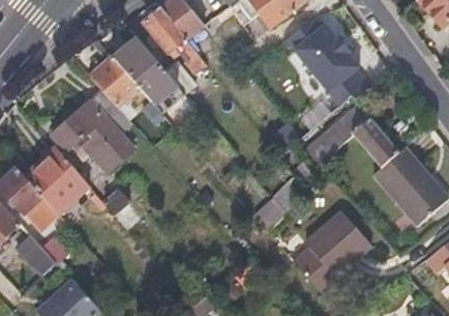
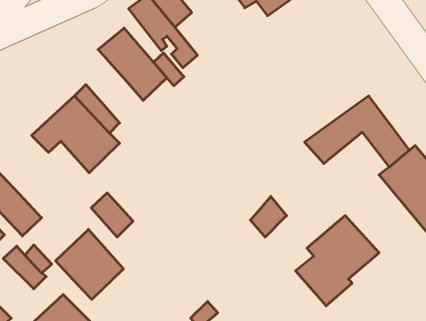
building: [289,22,367,103] -> none
building: [88,56,141,109] -> none
building: [30,150,92,214] -> [56,229,123,299]

